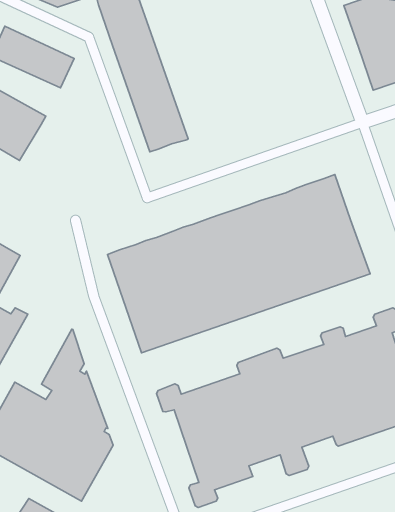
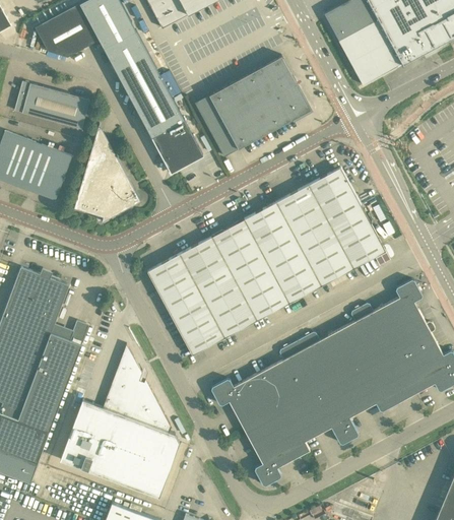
building: none -> [195,56,311,156]
building: none -> [74,124,137,222]

